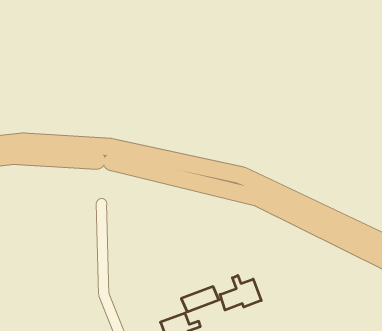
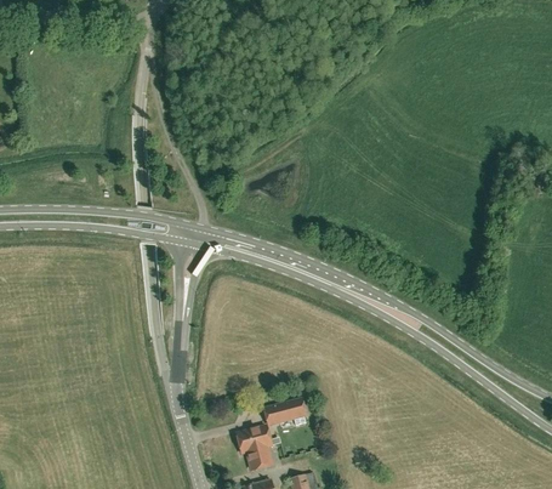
building: [220,275,261,310] -> none

